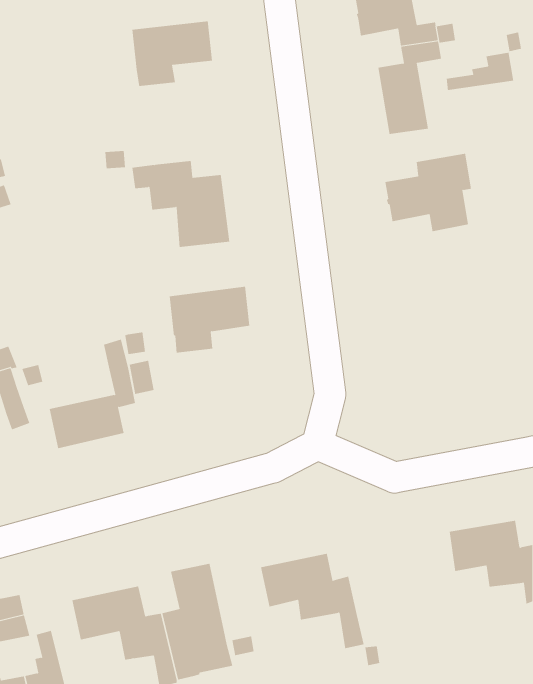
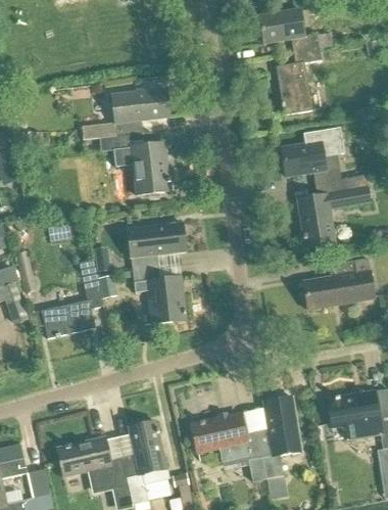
building: [131,21,213,87] -> [111,88,169,135]
building: [446,52,514,91] -> none
building: none -> [298,174,370,246]
building: none -> [303,257,374,309]
building: none -> [132,267,185,323]
building: none -> [255,396,301,478]

